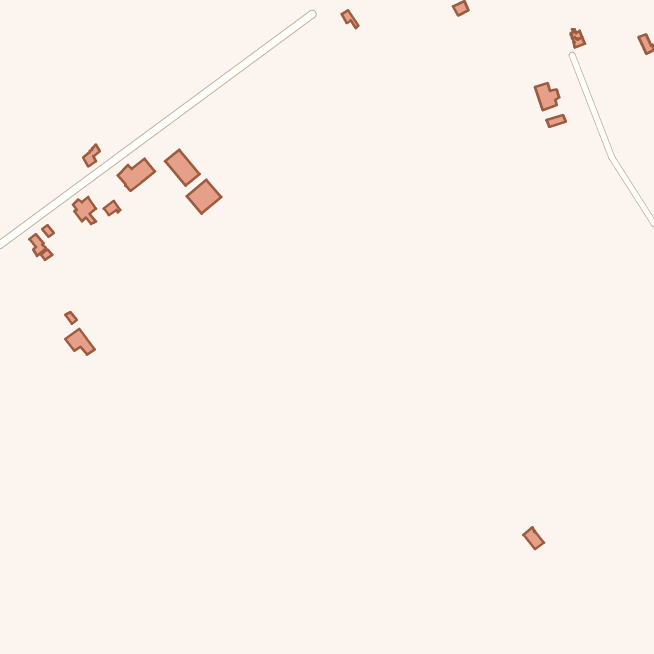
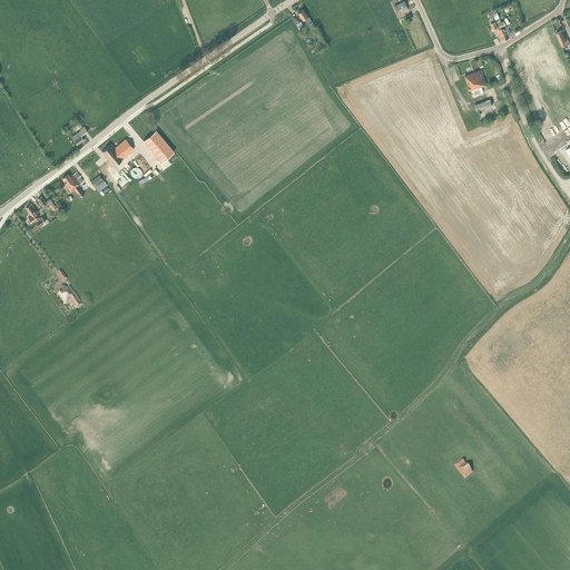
building: [187,180,221,214] -> none

